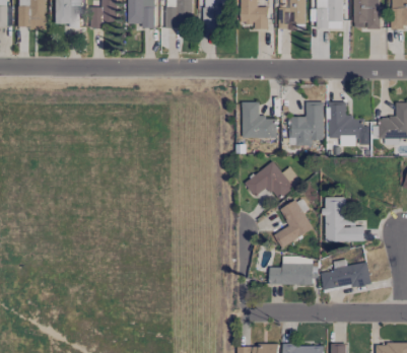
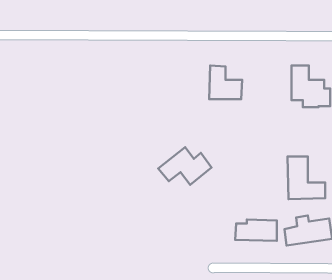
building: [289,101,324,145] -> none
building: [245,160,300,200] -> [158,147,211,185]
building: [275,200,313,245] -> none

